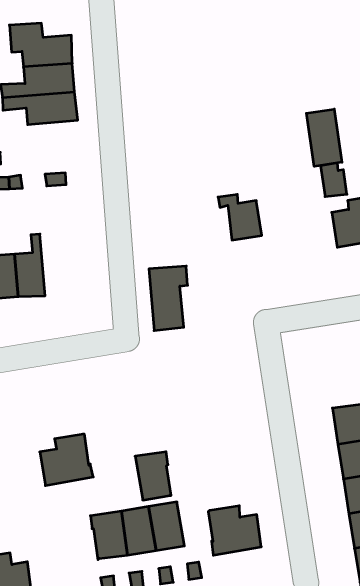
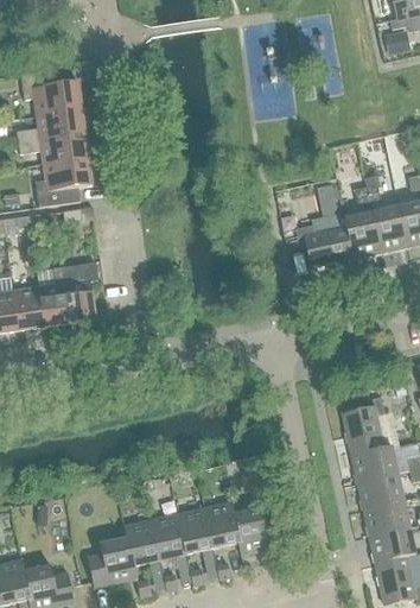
building: [306,109,342,166] -> none
building: none -> [34,158,93,205]
building: [218,194,262,240] -> [294,224,337,267]
building: [149,266,188,331] -> [61,261,97,323]
building: [40,434,93,486] -> [87,537,138,587]
building: [135,452,171,500] -> [203,501,238,547]

